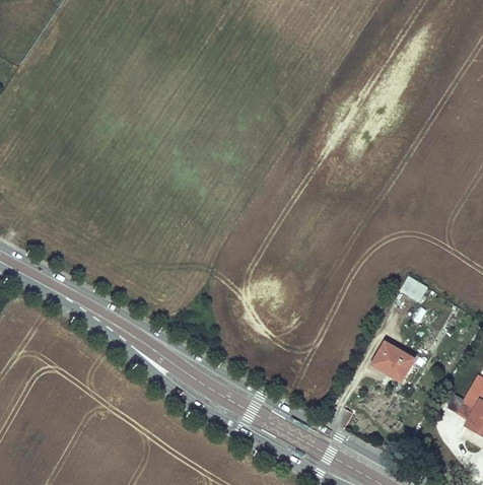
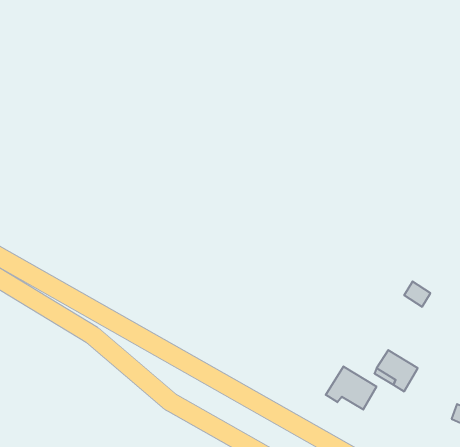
building: none -> [326,366,376,410]

